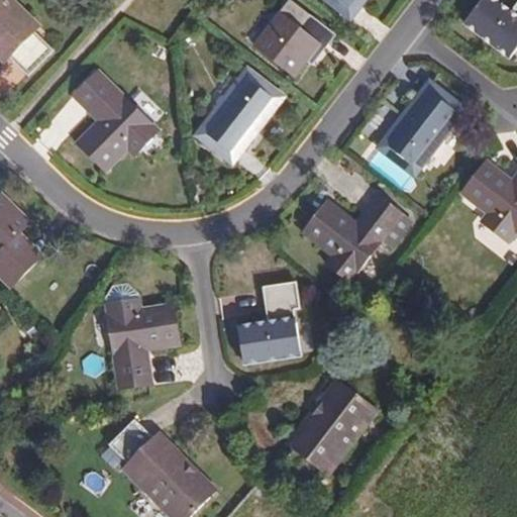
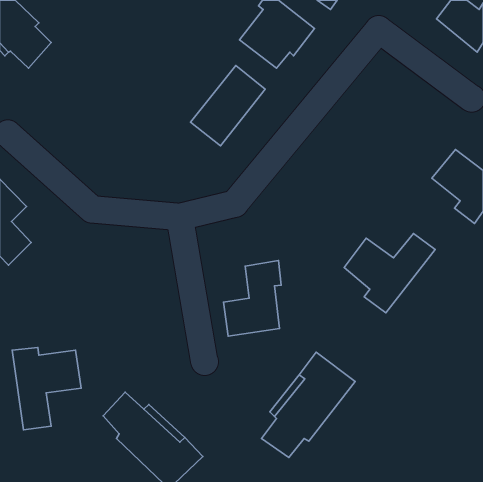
building: [76,70,159,170] -> none
building: [382,86,460,173] -> none
building: [303,196,400,281] -> [344,233,435,313]
building: [106,300,180,388] -> [12,347,81,430]

